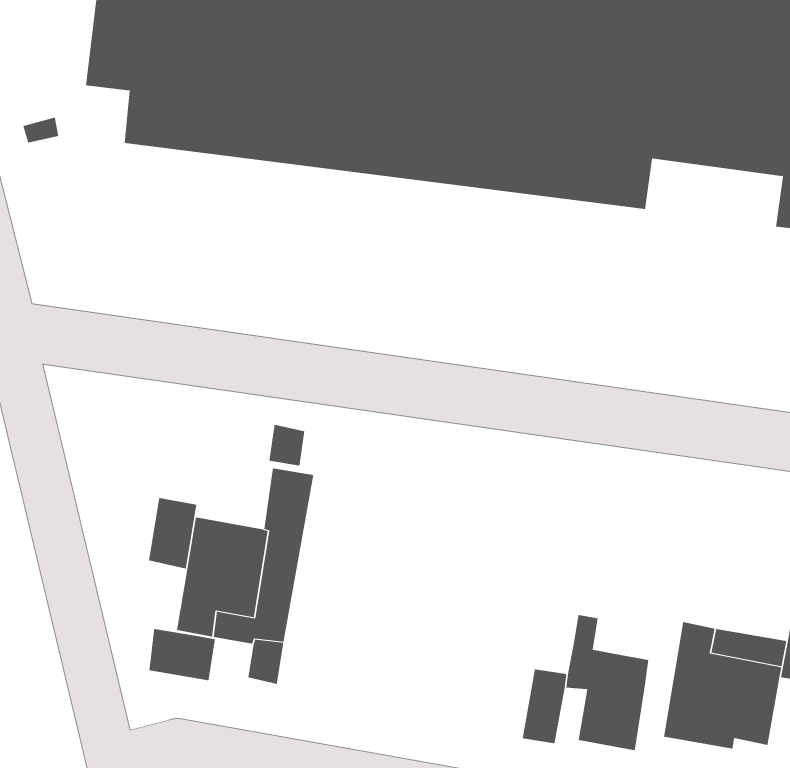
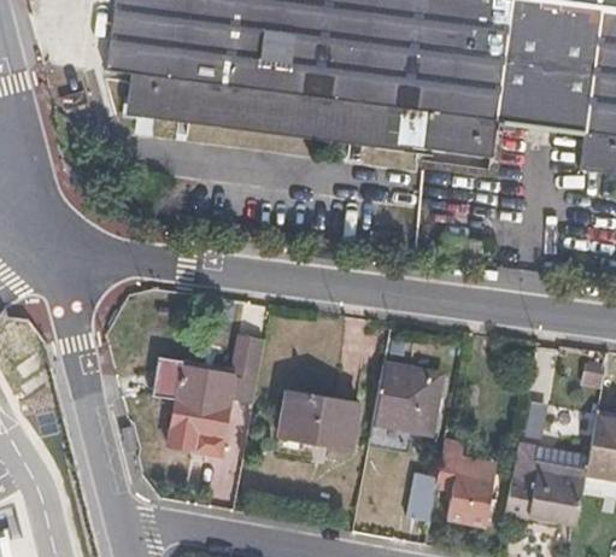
building: none -> [371,367,440,434]
building: none -> [278,392,358,451]
building: [149,628,215,681] -> none

